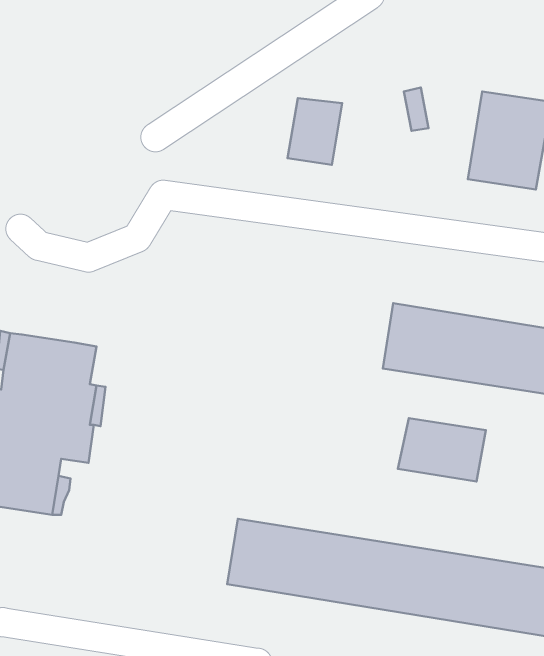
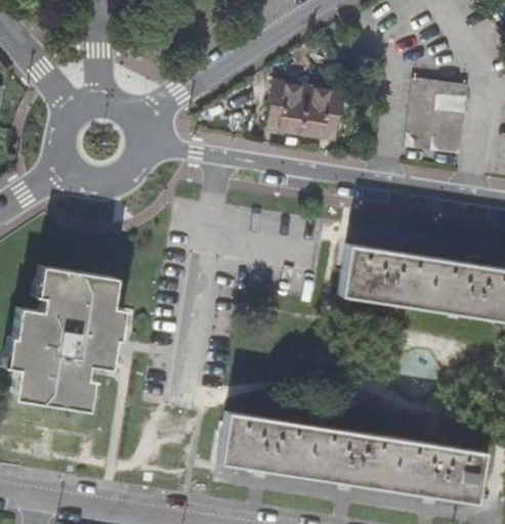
building: none -> [302,87,345,140]
building: [398,418,486,481] -> none

